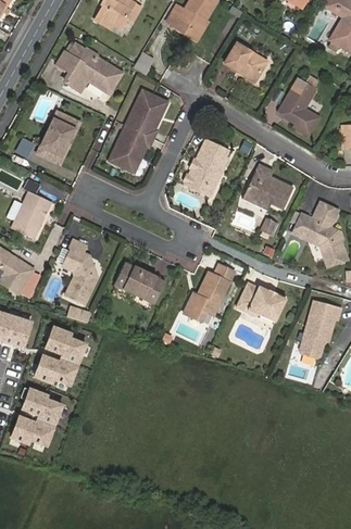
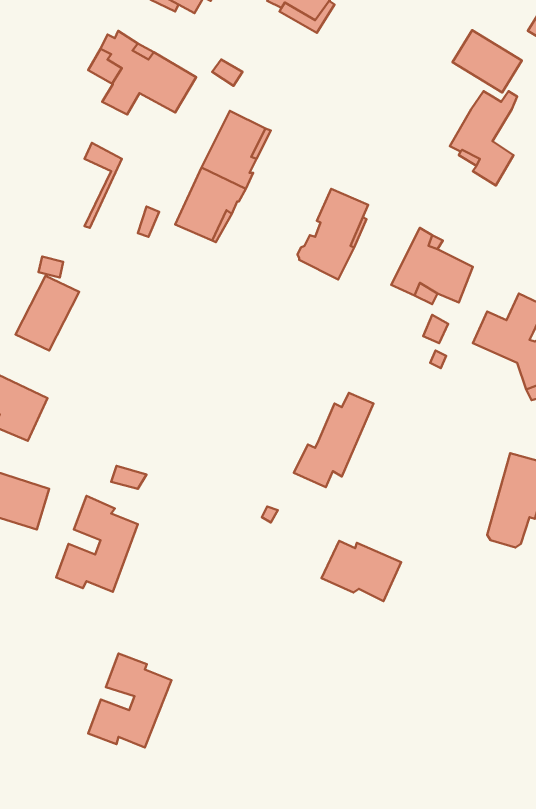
building: [224,45,266,83] -> [453,30,522,92]
building: [36,119,70,161] -> none
building: [62,239,95,303] -> none
building: [115,263,164,303] -> none
building: [237,285,286,322] -> [321,541,401,601]
building: [12,388,63,445] -> [88,654,172,748]

